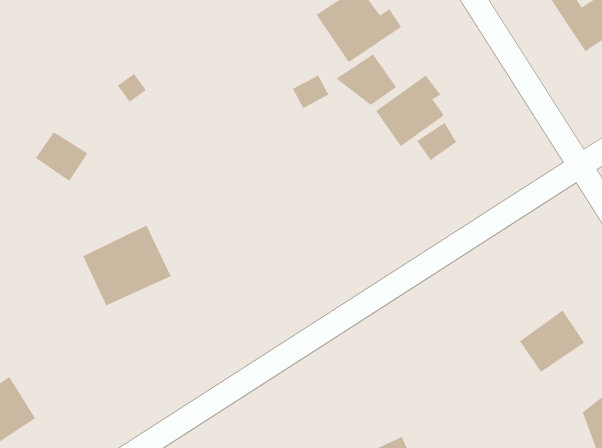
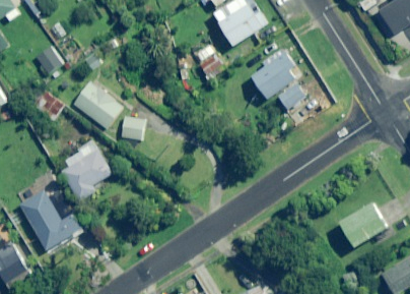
building: [335,54,397,106] -> none
building: none -> [36,46,62,73]
building: none -> [67,77,125,131]
building: none -> [121,116,144,138]
building: none -> [18,188,73,249]

